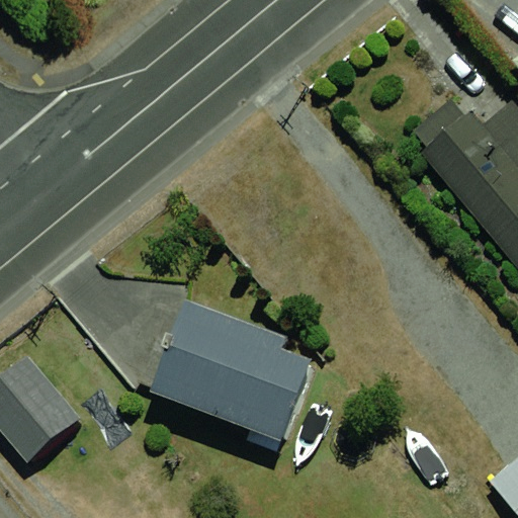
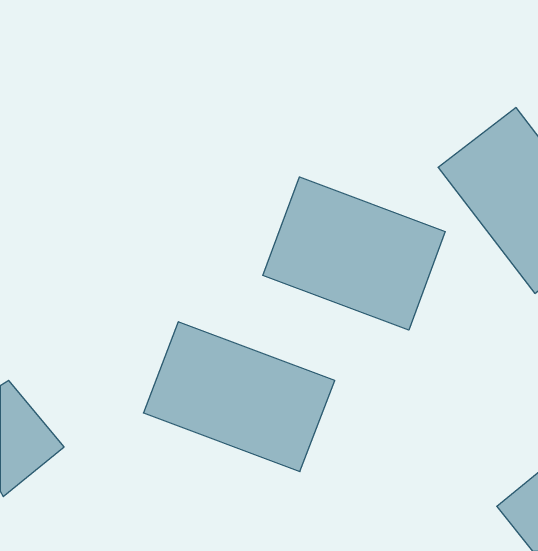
building: none -> [263,177,445,330]

